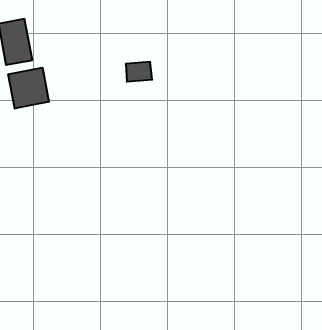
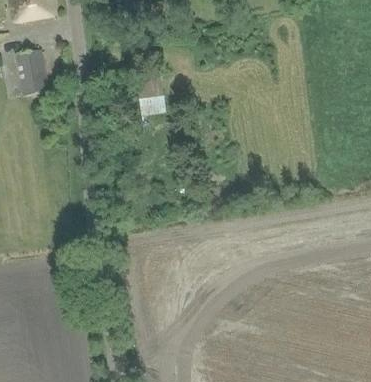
building: [8,68,49,109] -> none

